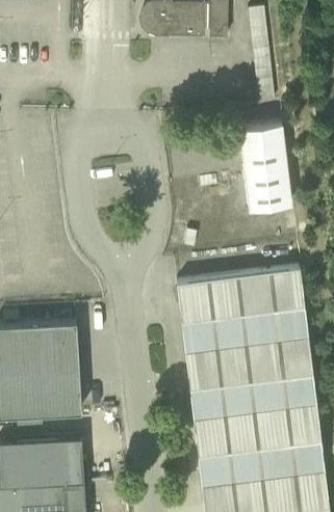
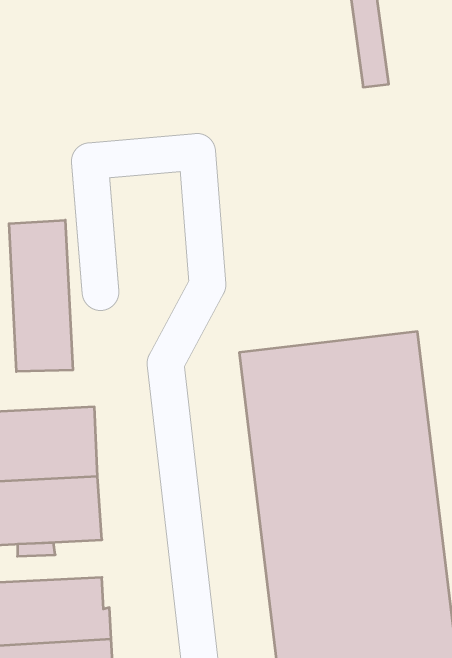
building: [238,124,292,210] -> none
building: none -> [9,220,73,372]

